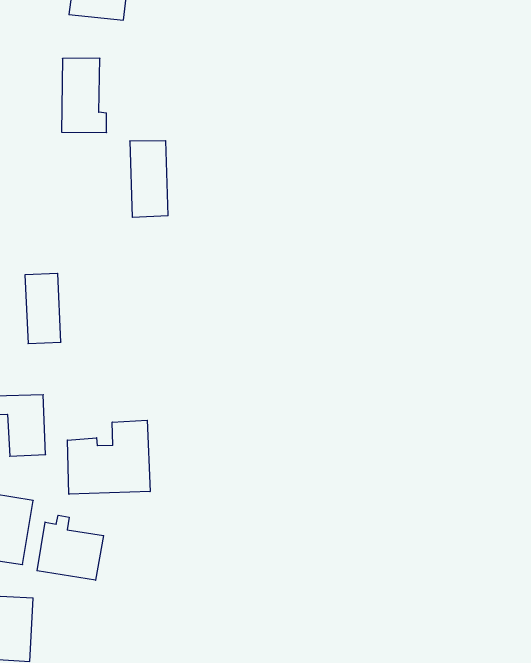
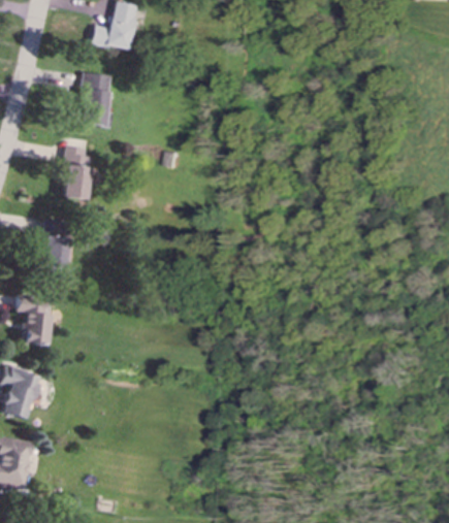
building: [130,141,168,217] -> [64,145,92,199]
building: [67,420,150,494] -> none
building: [37,515,104,580] -> none

